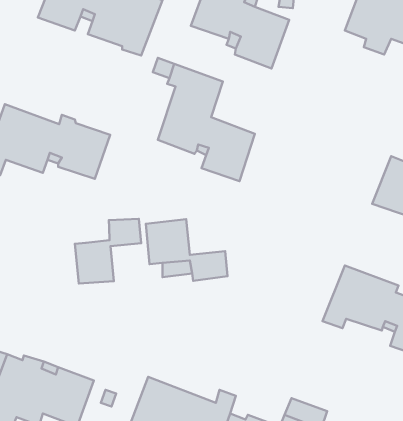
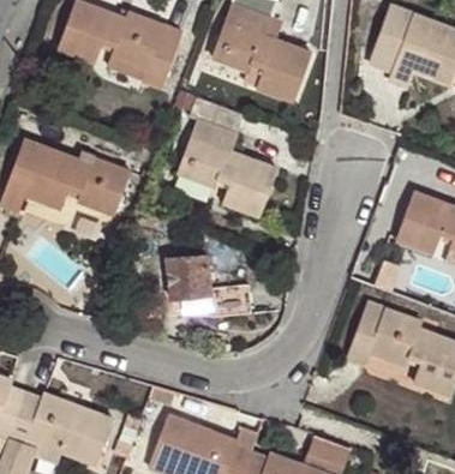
building: [75,219,141,284] -> none

